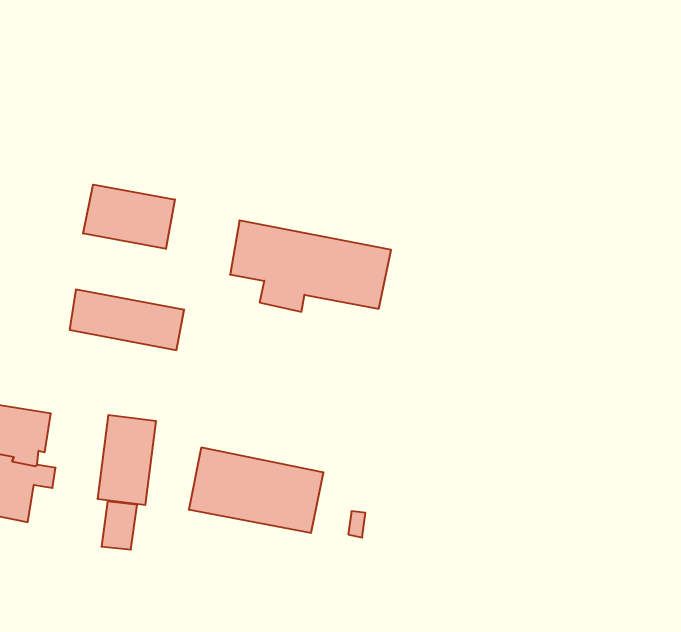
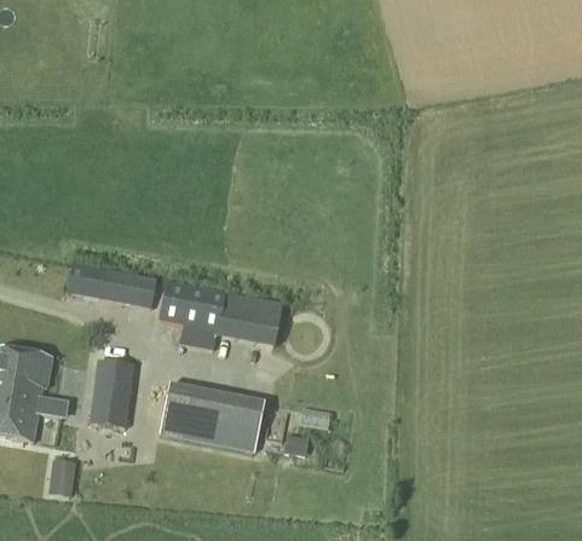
building: [83,185,175,249] -> none
building: [230,220,391,312] -> [157,278,283,350]
building: [101,502,137,550] -> [48,459,76,496]

